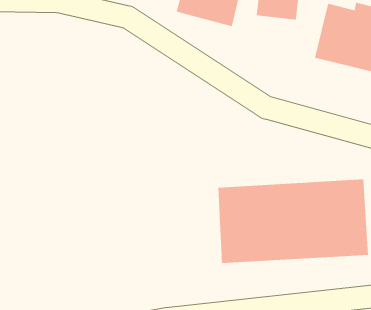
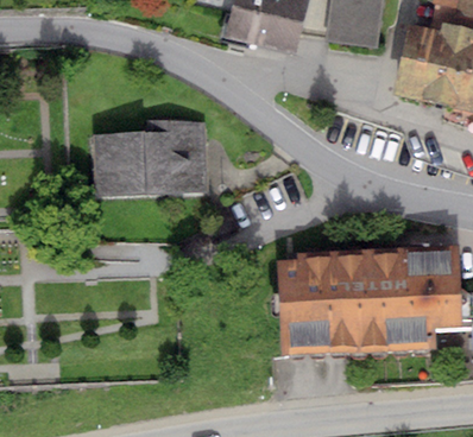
building: none -> [89,120,212,190]

